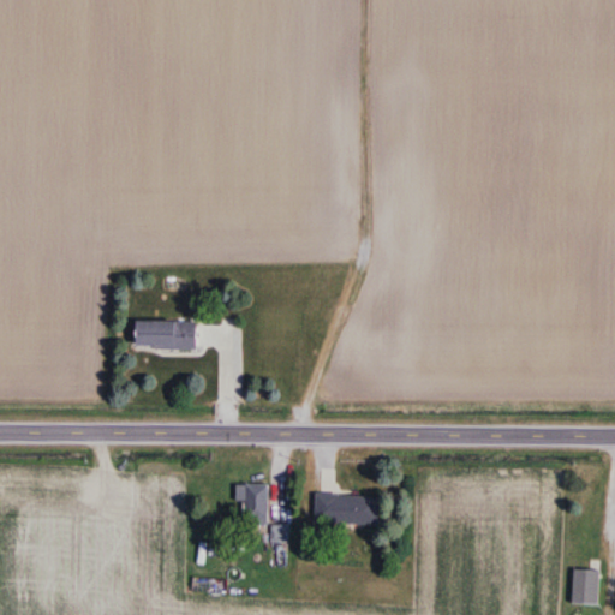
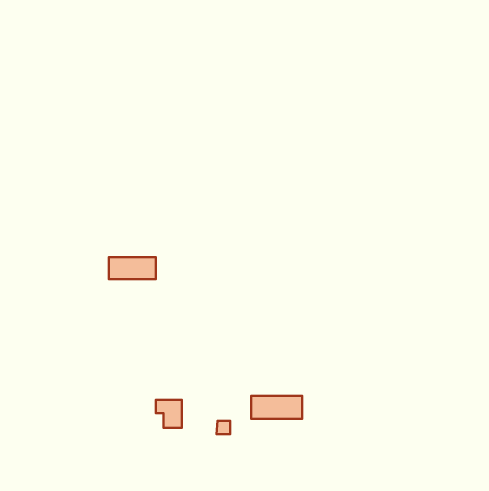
building: [235,485,268,520] -> [156,400,182,428]
building: [569,568,596,602] -> none

